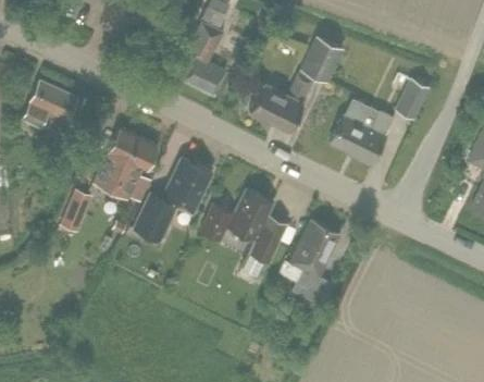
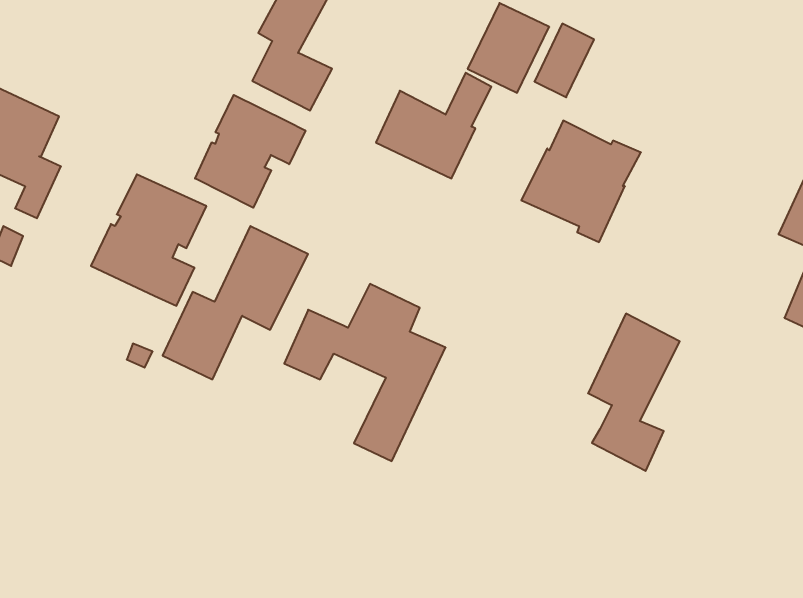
building: [395,78,427,119] -> [534,24,594,97]
building: none -> [195,95,305,208]
building: [60,188,92,232] -> none
building: [289,219,339,305] -> [588,314,680,471]

